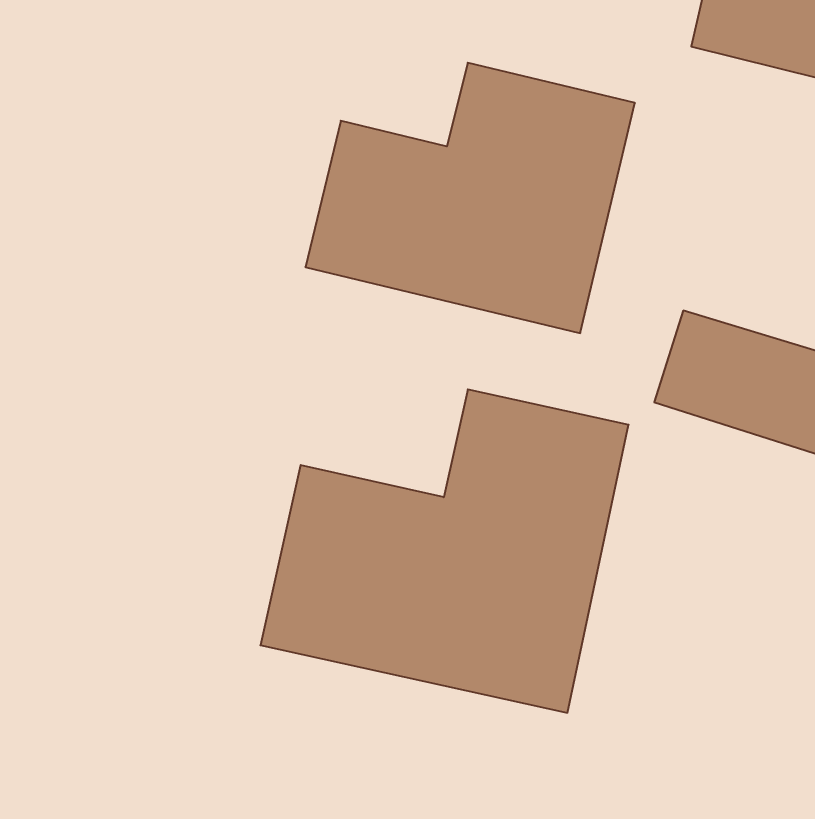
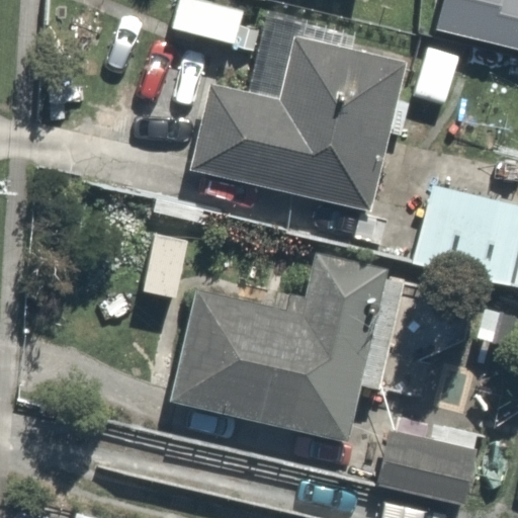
building: none -> [376,424,497,508]

